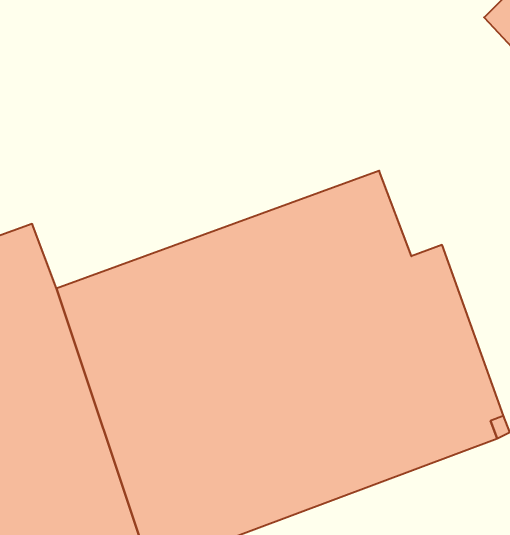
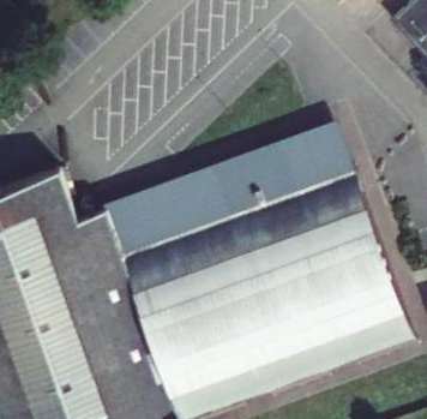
building: none -> [313,124,360,196]

